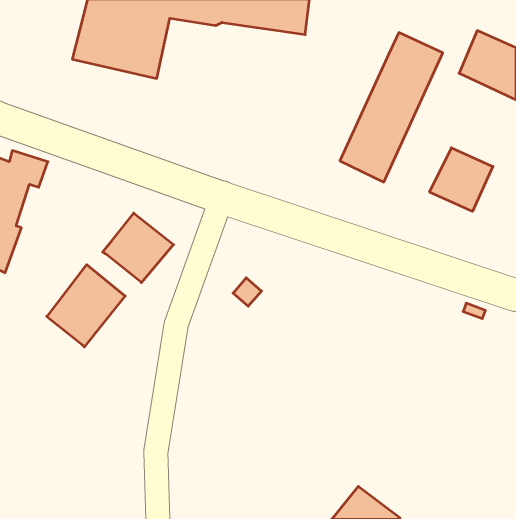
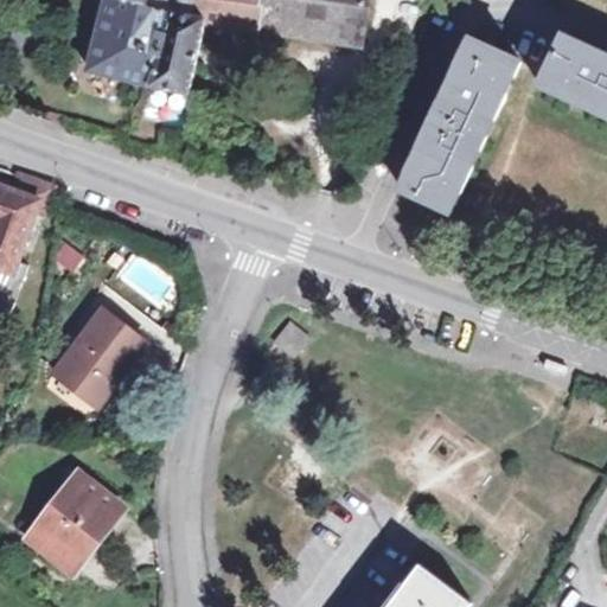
building: [430,148,493,211] -> none
building: [103,213,174,283] -> none
building: none -> [28,472,122,571]

